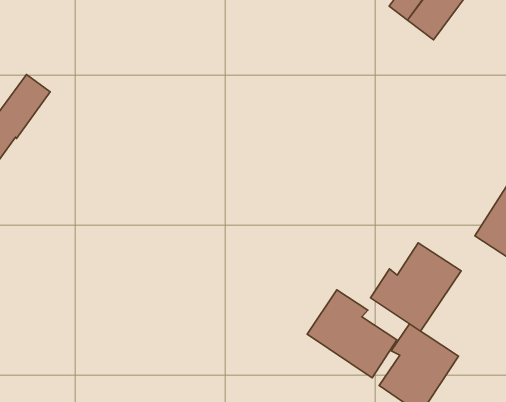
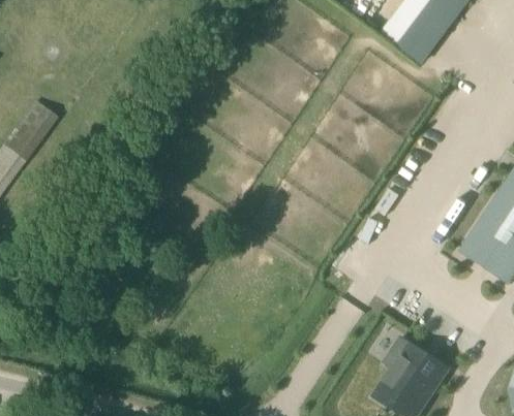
building: [371,243,461,331] -> none
building: [307,290,397,378] -> none

